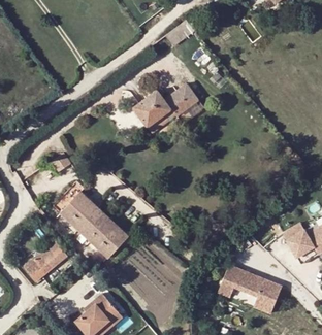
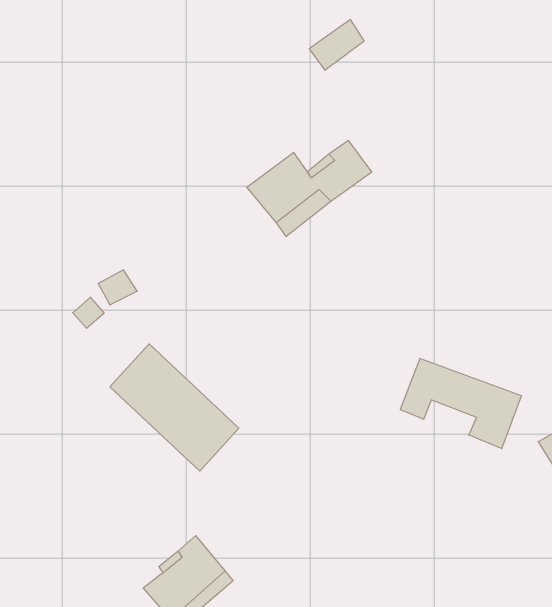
building: [25,239,68,280] -> none
building: [217,268,281,315] -> [400,359,522,449]

